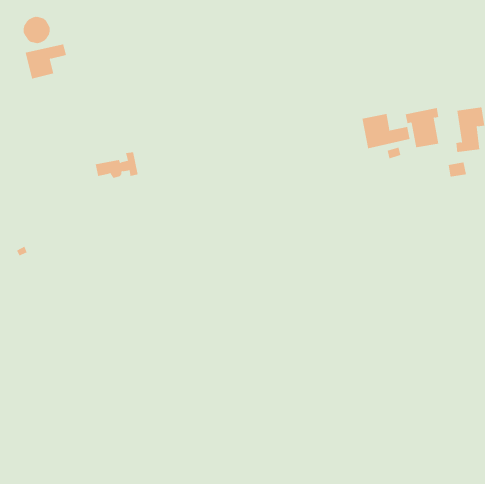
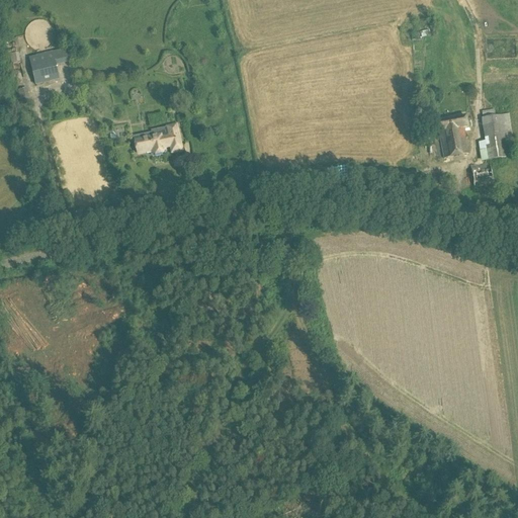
building: [362,113,410,149] -> none
building: [95,152,139,178] -> [133,124,179,153]

